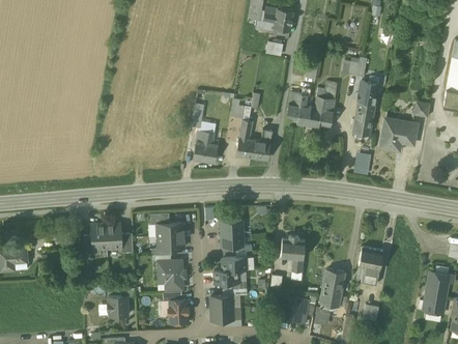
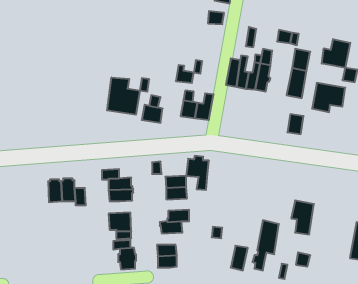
building: none -> [322,39,350,68]
building: none -> [107,77,140,115]
building: [280,235,305,273] -> [186,156,209,190]
building: [108,288,135,316] -> none

